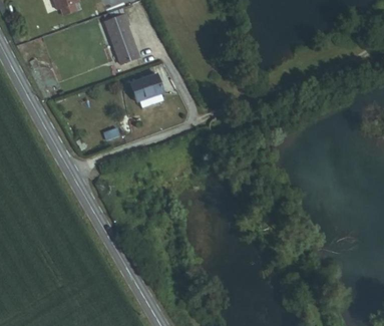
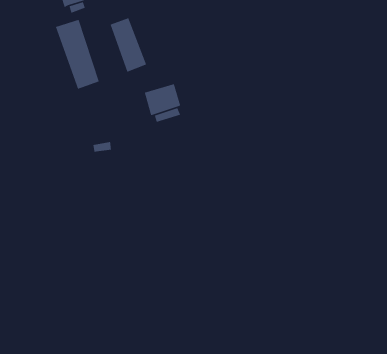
building: none -> [55,19,100,90]

